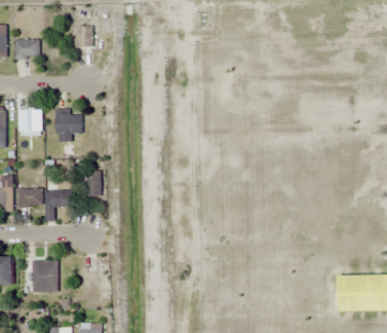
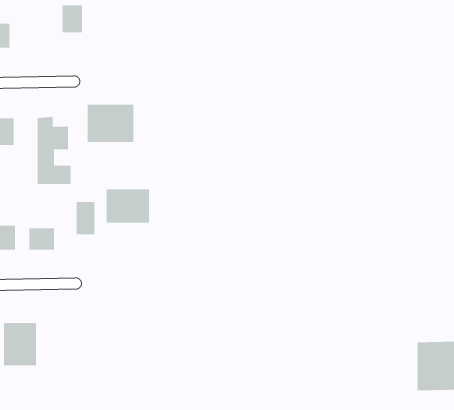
building: none -> [87,104,134,143]
building: none -> [106,188,149,224]

